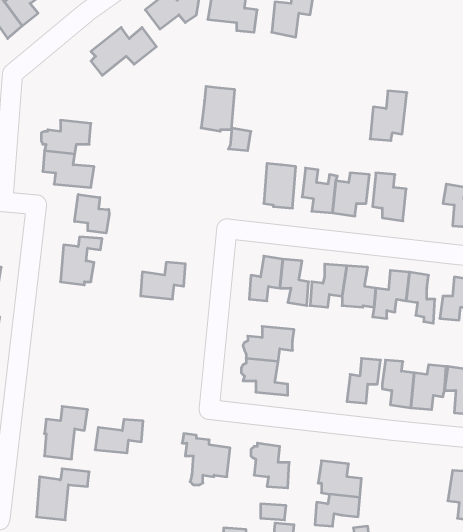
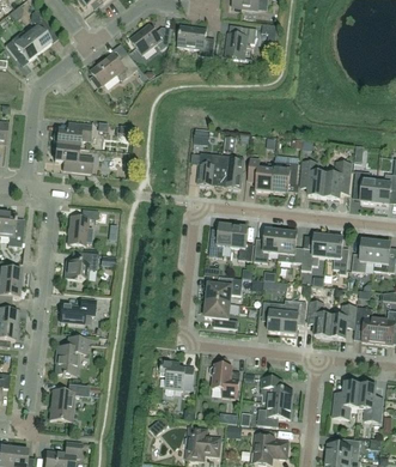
building: [201,86,235,131] -> [197,151,223,184]
building: [370,91,407,141] -> [324,160,352,198]
building: [75,194,109,233] -> none
building: [141,262,185,299] -> [65,251,98,279]
building: none -> [263,301,286,332]
building: [95,419,143,453] -> [60,297,96,322]
building: none -> [334,382,361,418]

